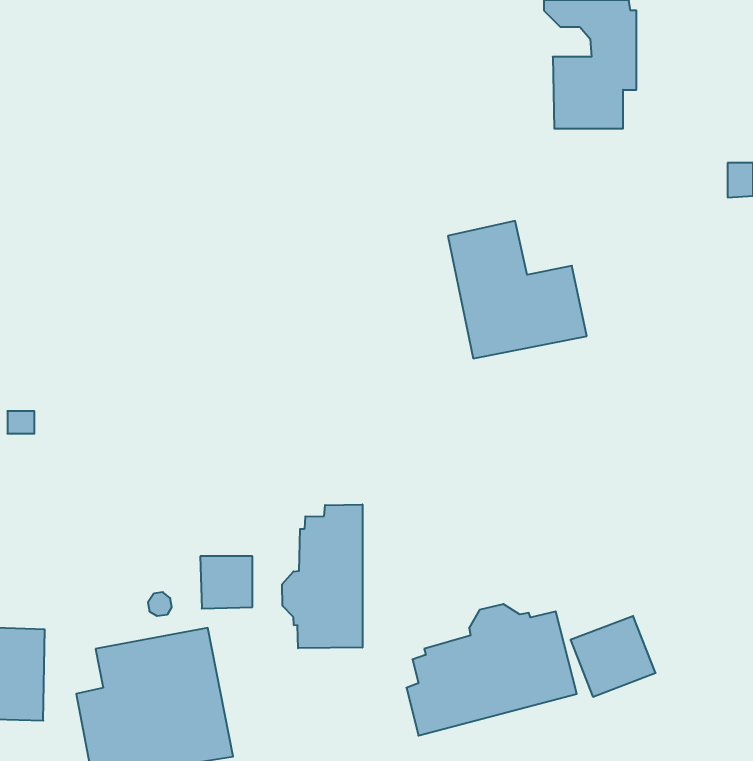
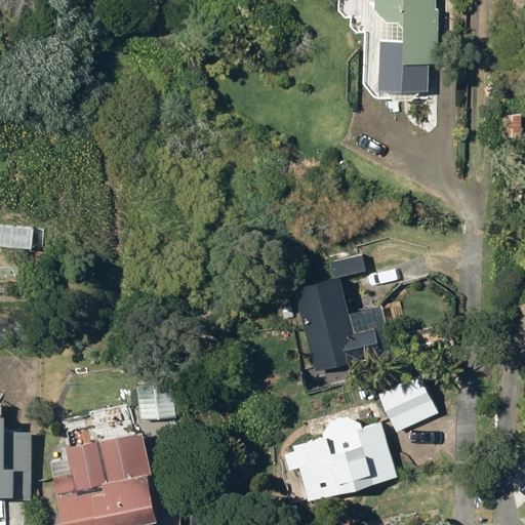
building: [448,221,587,358] -> [296,276,392,370]
building: [282,504,362,648] -> none
building: [570,616,656,697] -> [377,375,436,431]

